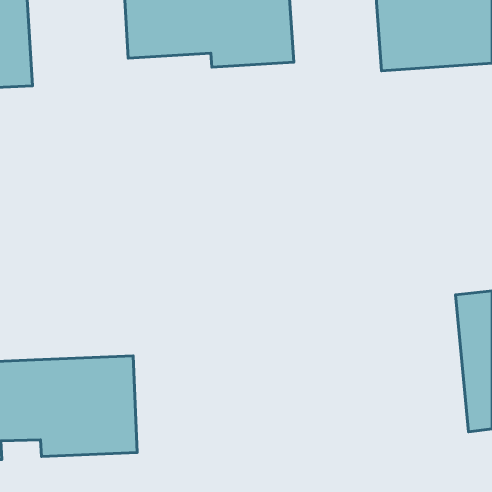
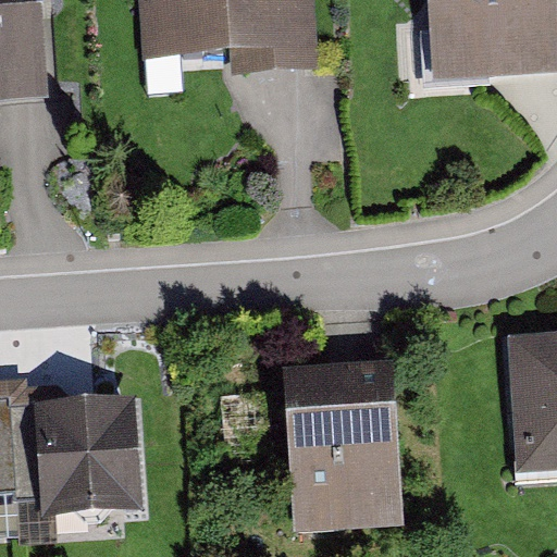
building: none -> [287,361,414,532]

